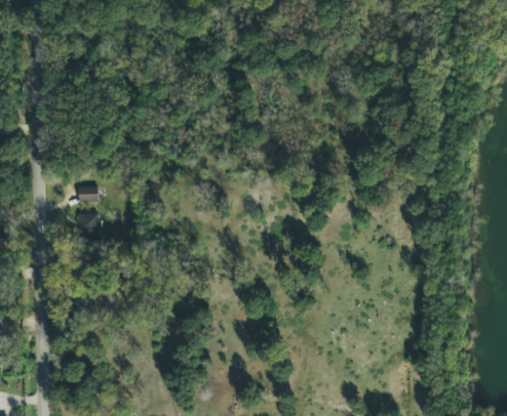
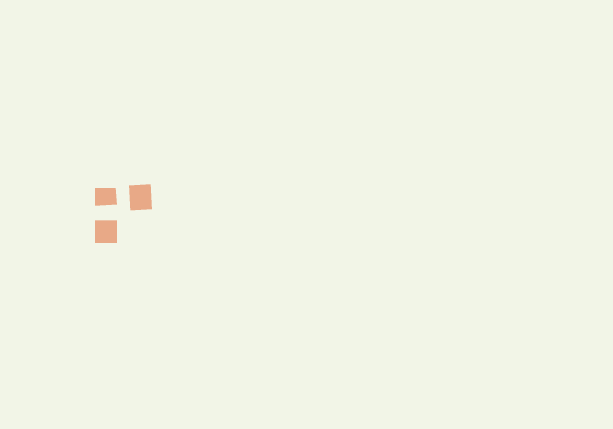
building: none -> [128,184,152,211]

